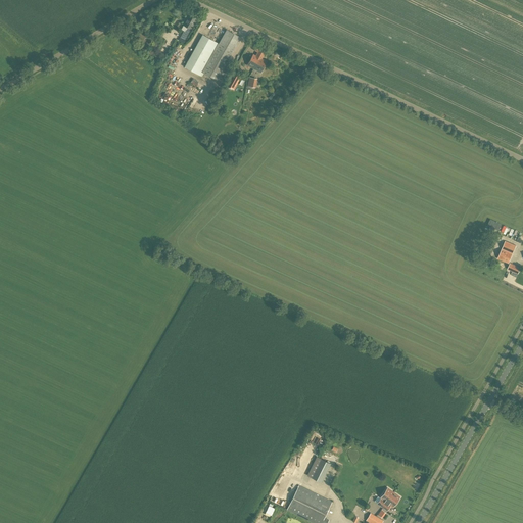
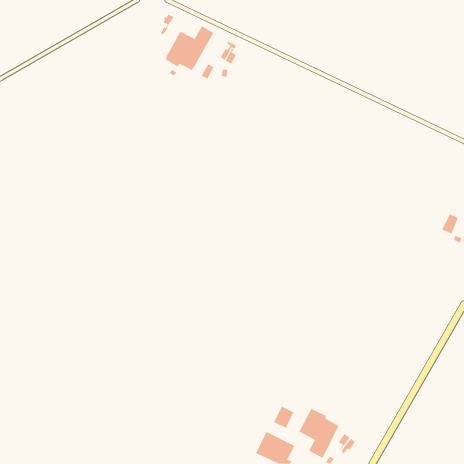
building: none -> [299,408,339,458]

